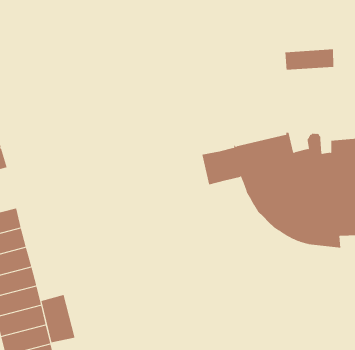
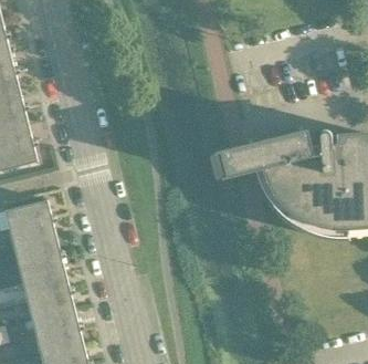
building: [285,48,334,71] -> none
building: [41,294,75,343] -> none

